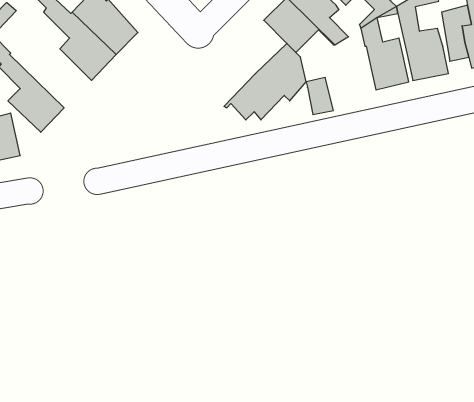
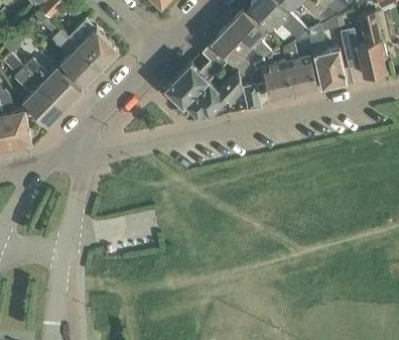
building: none -> [165,43,228,107]
building: none -> [260,56,293,100]
building: none -> [23,60,81,108]

